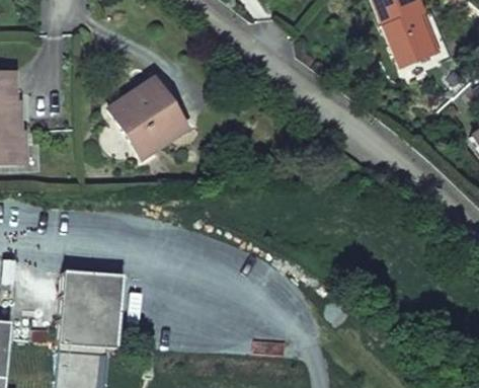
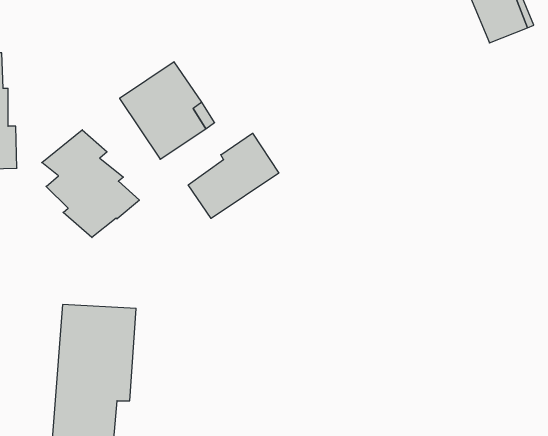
building: none -> [42,130,139,238]
building: none -> [188,133,279,218]

